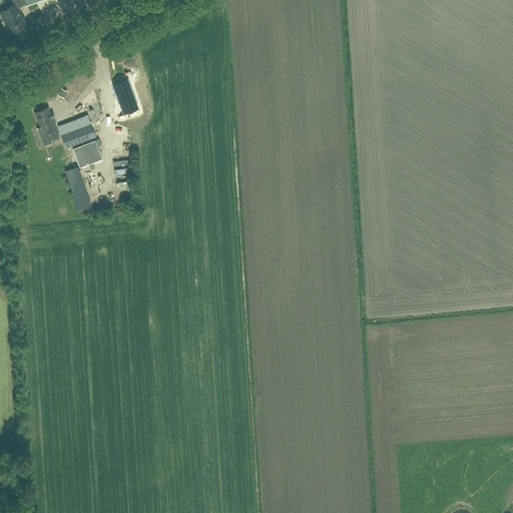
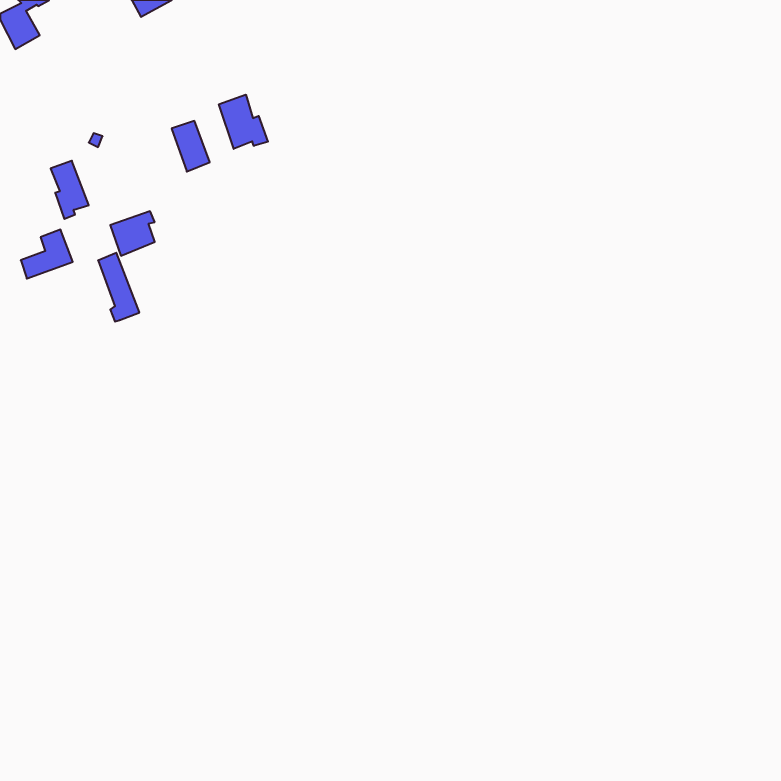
building: none -> [219,95,268,149]
building: [61,114,95,146] -> [21,230,73,279]

